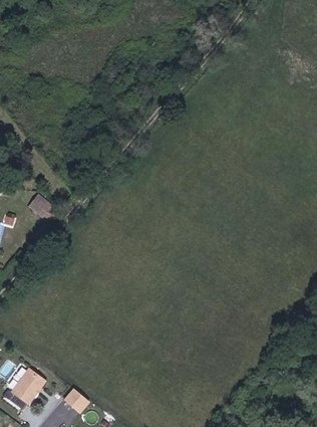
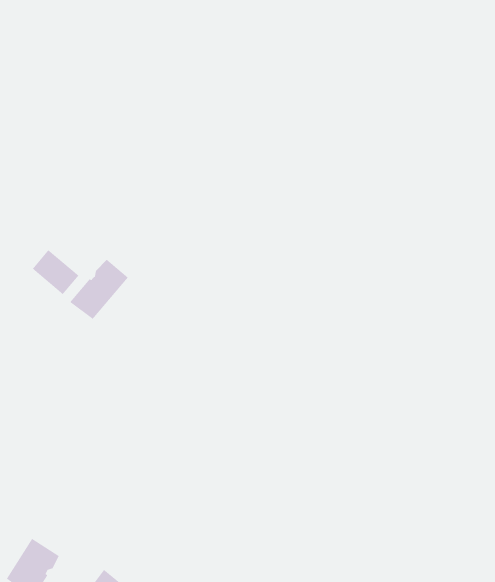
building: none -> [69,259,129,320]

